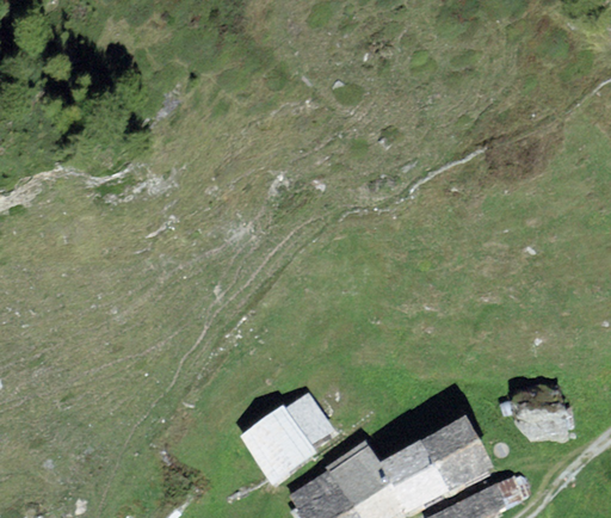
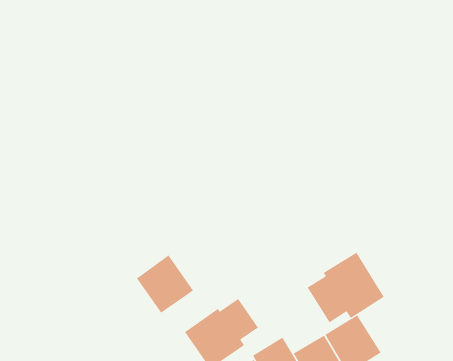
building: none -> [307,252,385,323]
building: none -> [136,254,194,313]

